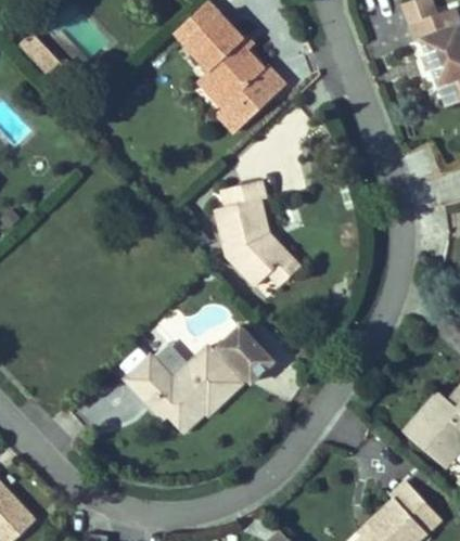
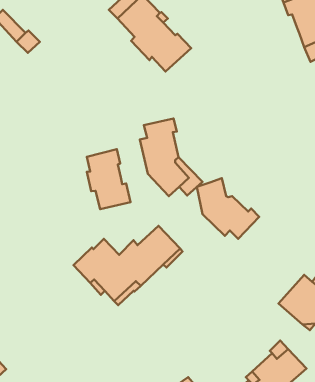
building: [197,75,251,132] -> none
building: none -> [87,149,130,209]
building: none -> [197,178,259,239]

